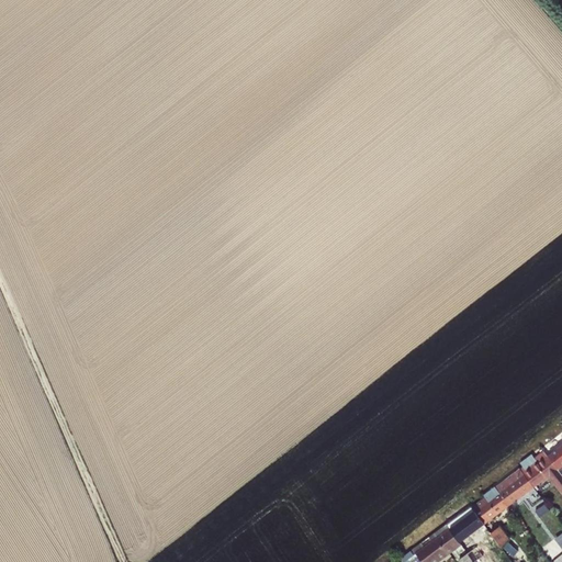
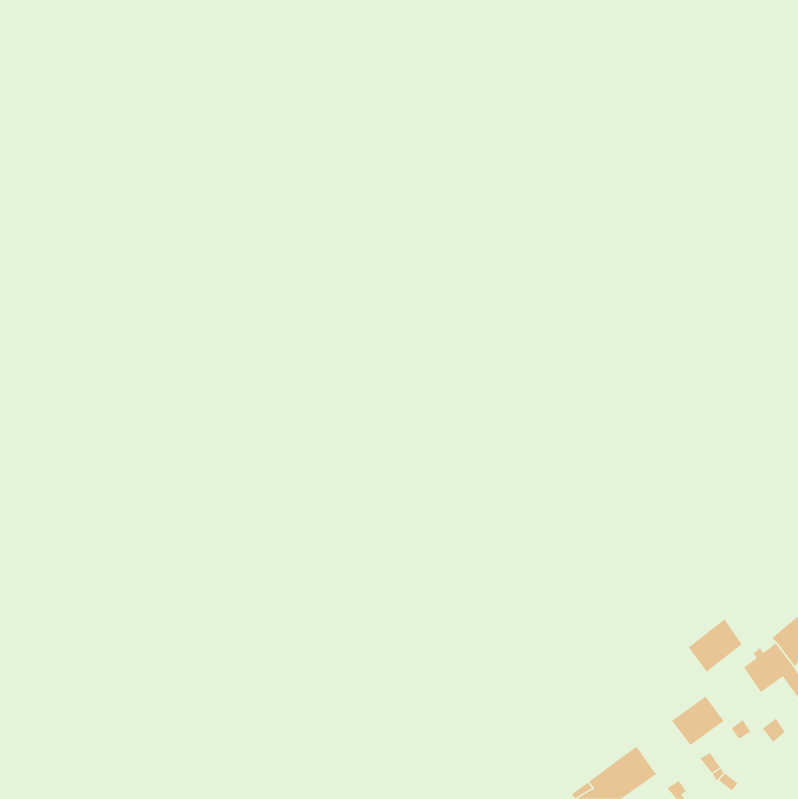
building: [496,469,535,506] -> [688,619,743,672]
building: [448,506,485,542] -> none

